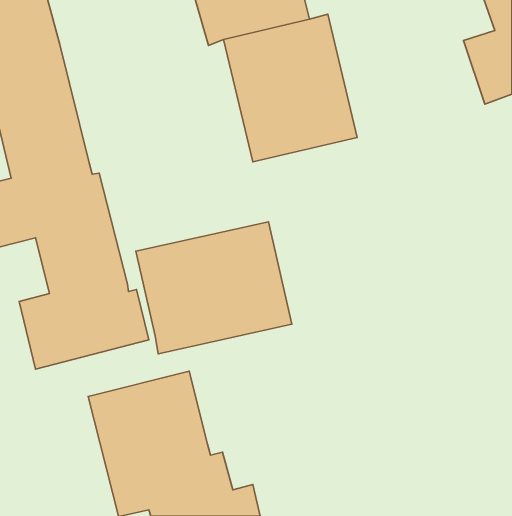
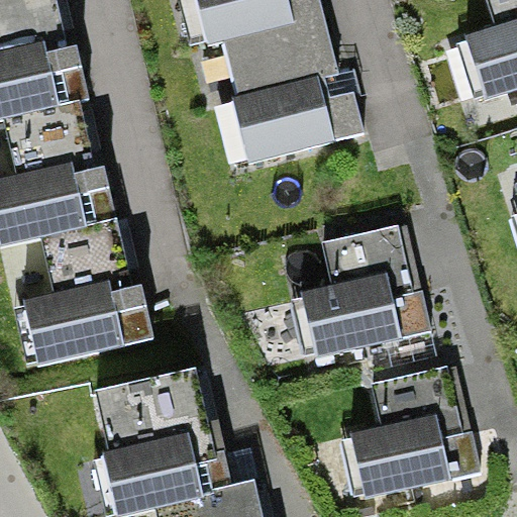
building: [136,222,292,354] -> none
building: none -> [293,227,419,353]
building: none -> [345,370,468,497]

